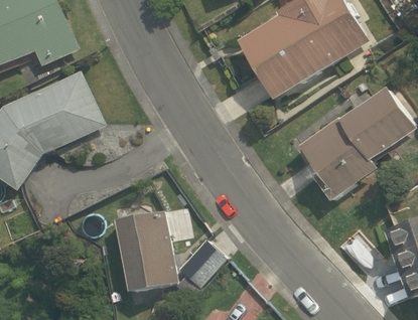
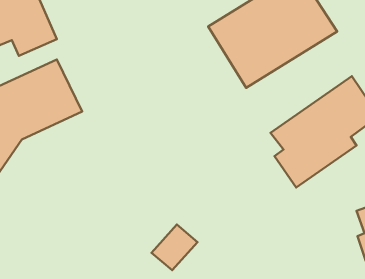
building: [116,209,177,290] -> none

